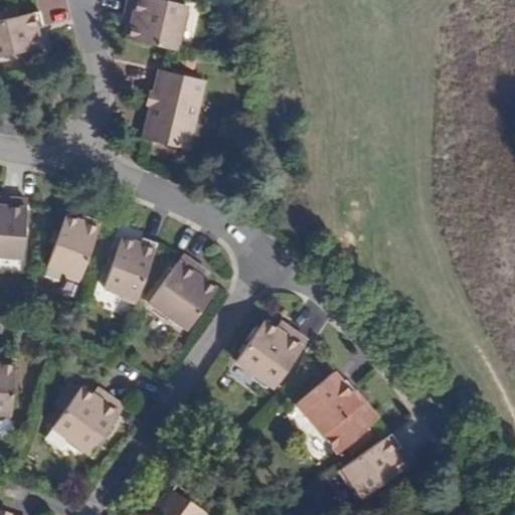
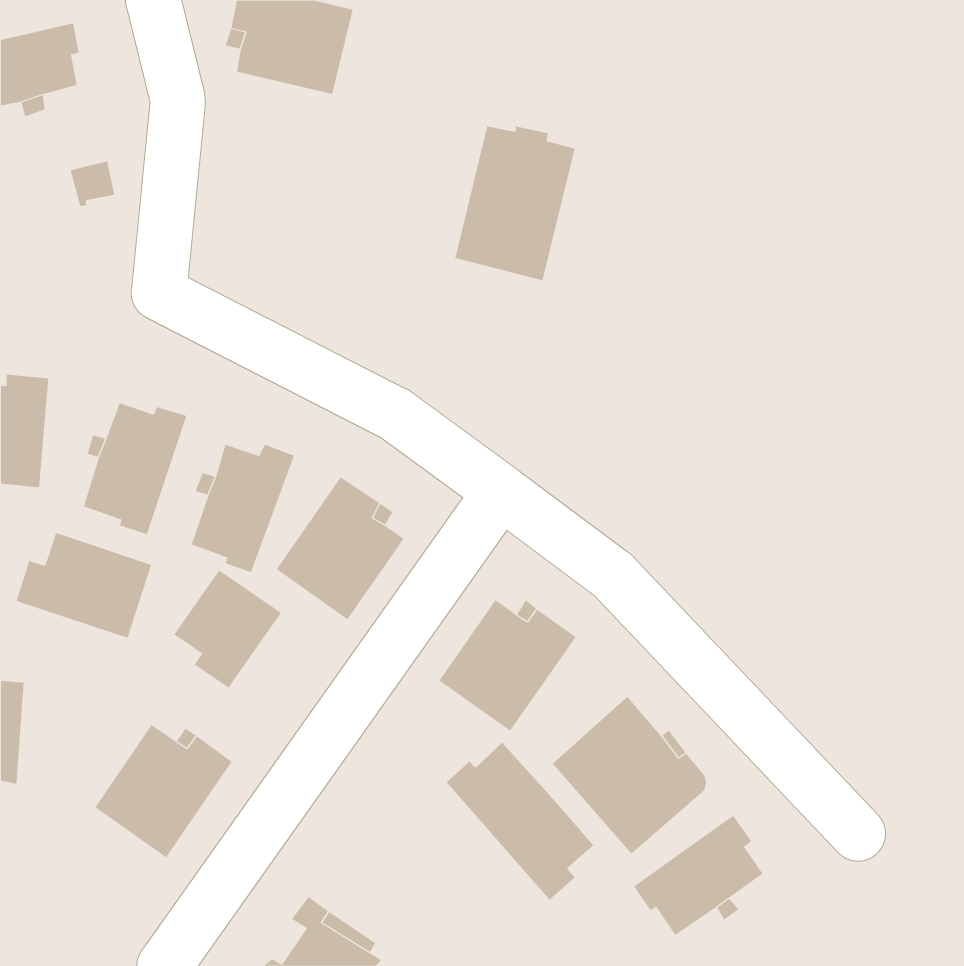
building: [142,69,206,152] -> [454,126,575,281]
building: none -> [16,532,152,639]
building: none -> [173,569,282,689]
building: none -> [446,742,594,901]

